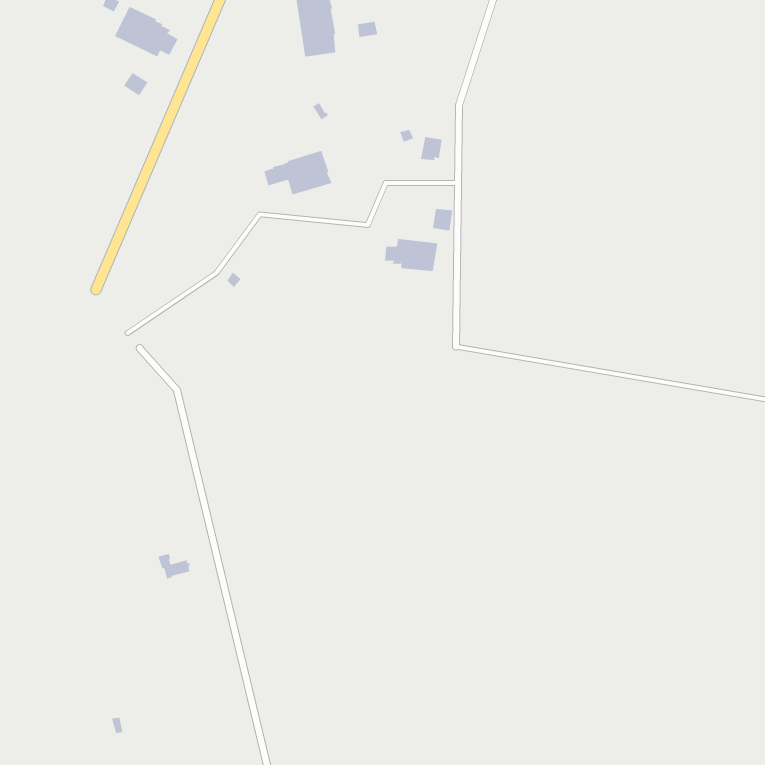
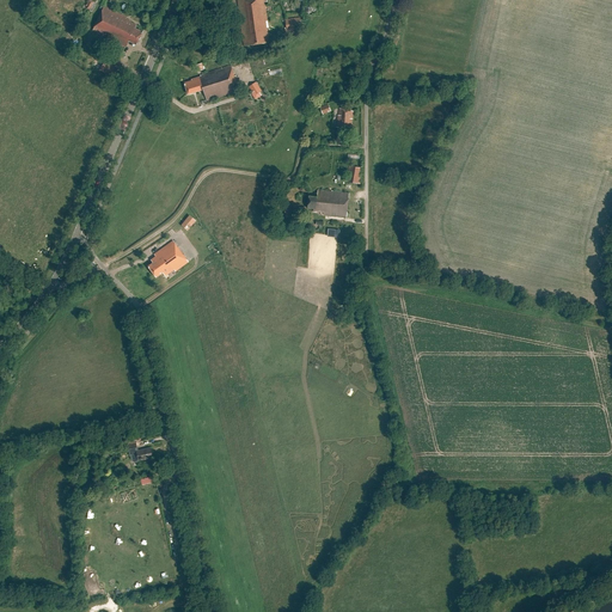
building: [263,150,332,195] -> [183,65,238,100]
building: none -> [147,240,188,277]

